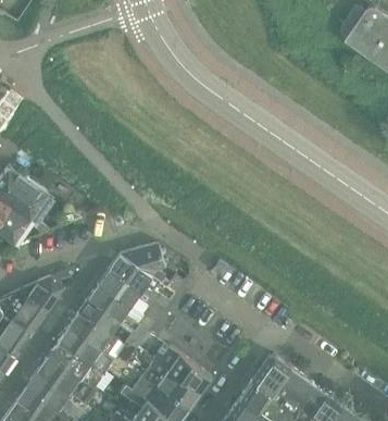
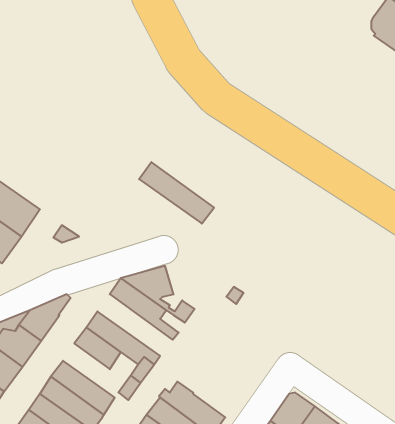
building: [98,270,164,324] -> [139,162,214,224]
building: [67,313,109,350] -> none

